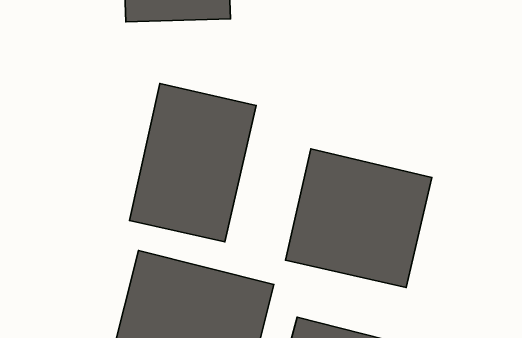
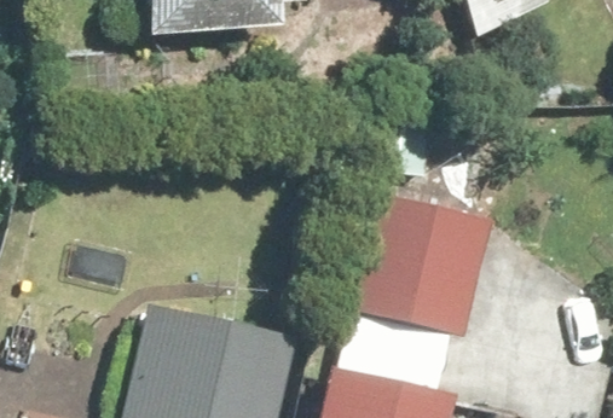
building: [129,83,256,242] -> none

